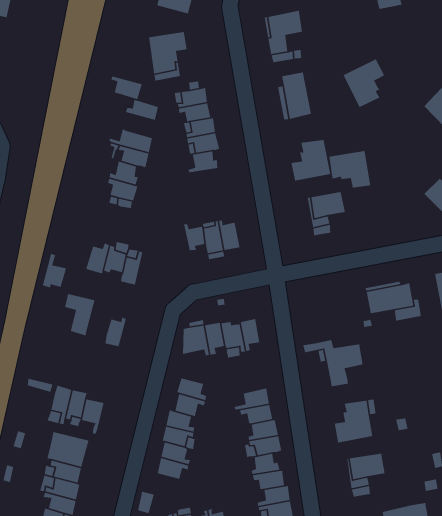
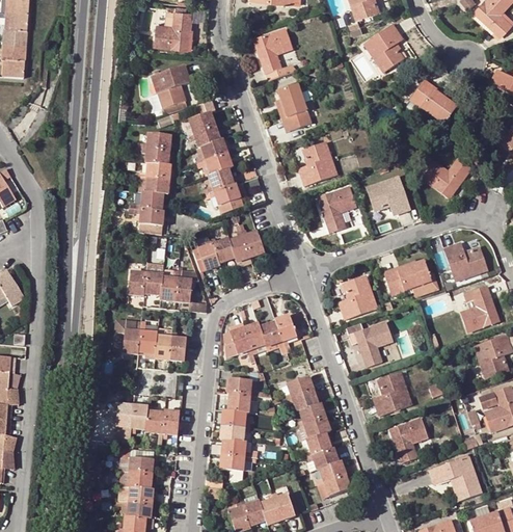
building: [343,58,385,108] -> [363,24,402,72]
building: [110,75,143,100] -> [140,147,170,165]
building: [329,150,371,188] -> [367,177,409,213]
building: none -> [208,183,243,213]
building: none -> [192,236,219,272]
building: none -> [176,270,192,303]
building: [42,253,67,288] -> [138,320,158,352]
building: none -> [339,275,376,319]
building: none -> [169,332,187,362]
building: none -> [162,409,180,437]

